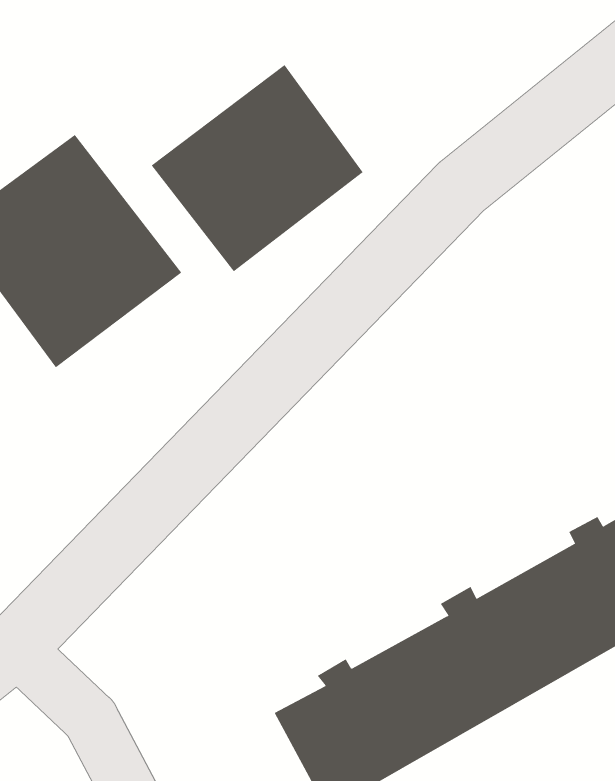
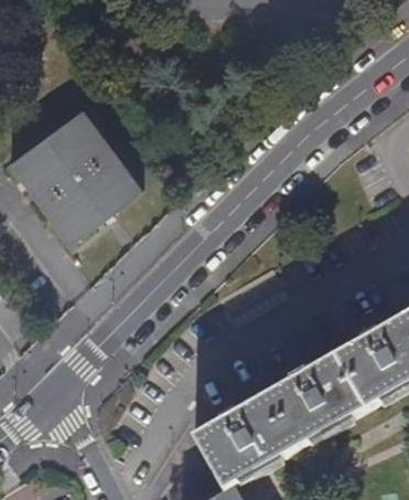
building: [151,64,363,272] -> none

